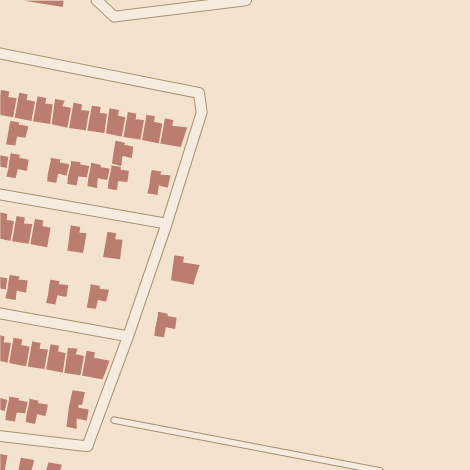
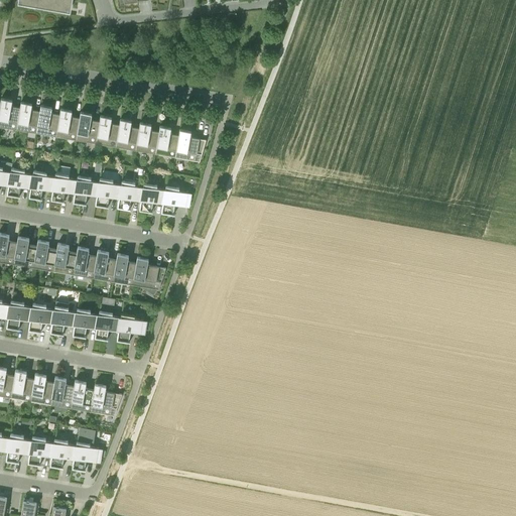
building: [5,121,29,146] -> [28,171,54,200]
building: [111,140,134,167] -> [139,183,164,213]
building: none -> [52,244,76,275]
building: none -> [92,250,116,282]
building: [170,255,201,285] -> [132,257,165,290]
building: none -> [27,303,53,333]
building: none -> [72,308,98,338]
building: [154,311,178,338] -> [116,313,142,343]
building: none -> [49,439,75,468]

